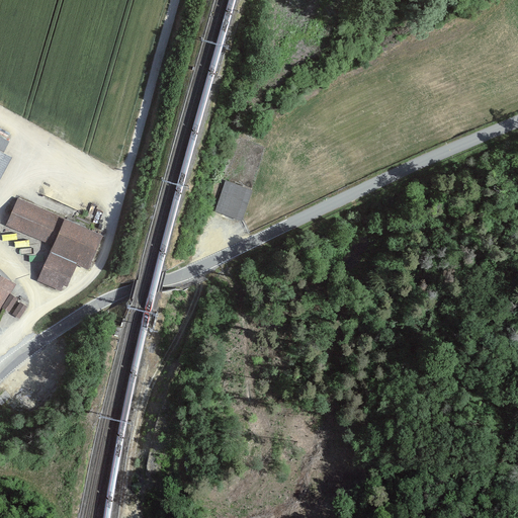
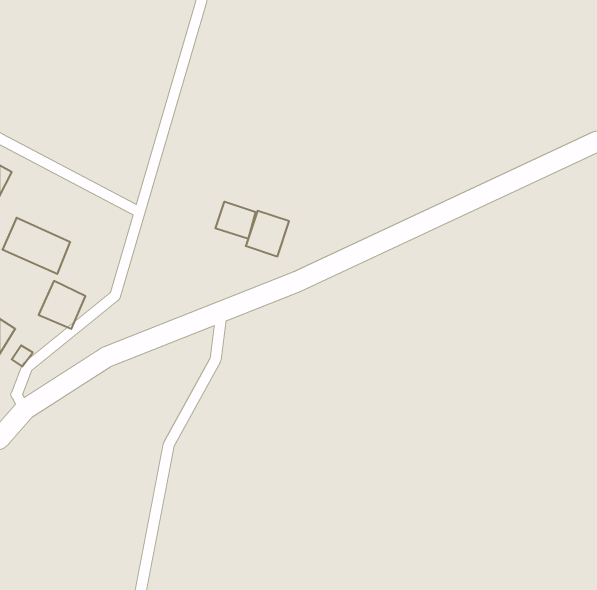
building: none -> [215,202,256,239]
building: [47,217,102,268] -> none

